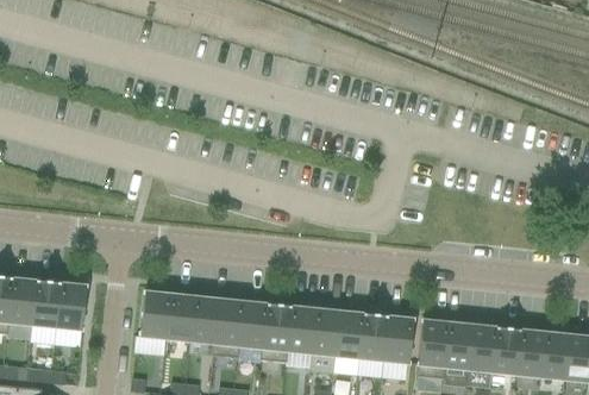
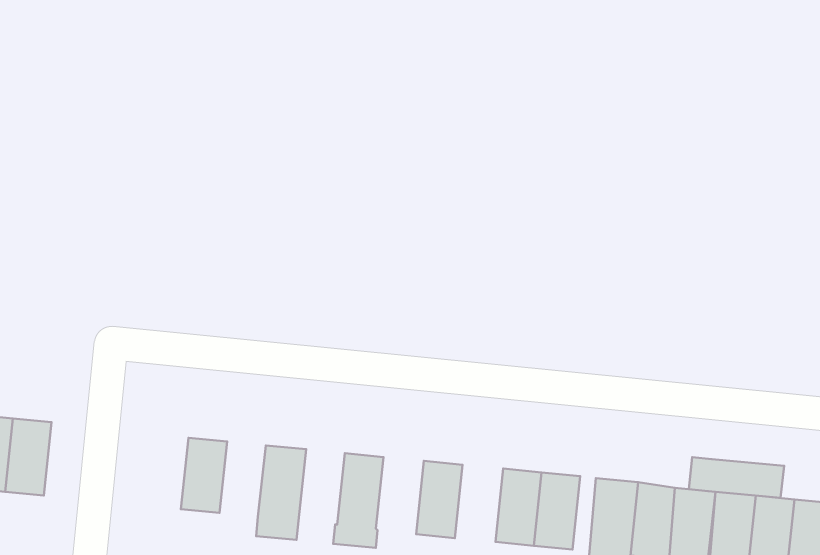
building: [140,291,170,338] -> none
building: [189,296,218,343] -> none
building: [238,301,267,347] -> none
building: [286,306,314,353] -> none
building: none -> [689,457,784,498]
building: [334,311,364,358] -> none

